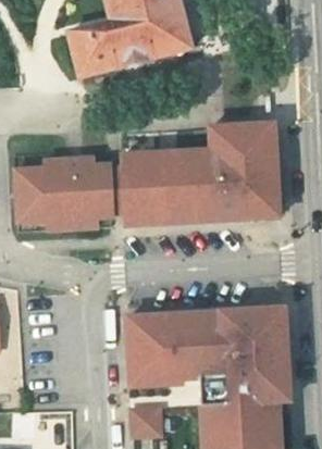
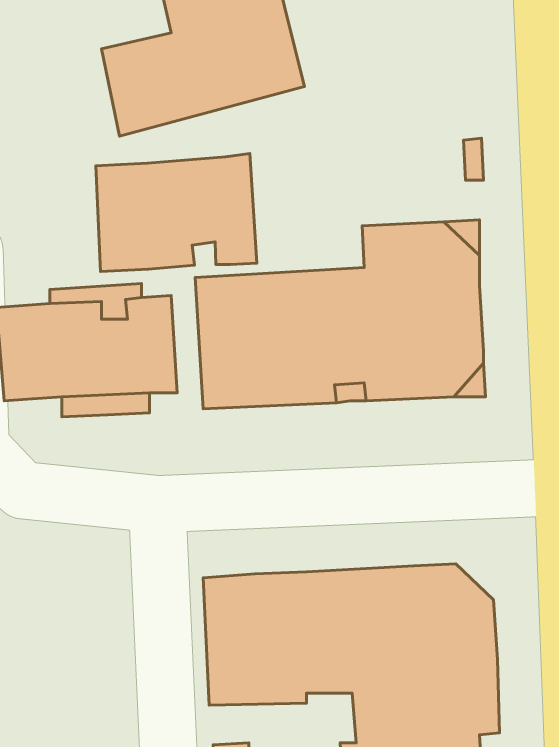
building: none -> [96,153,257,271]

